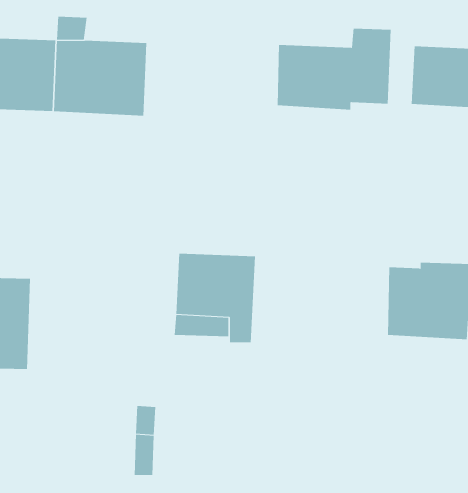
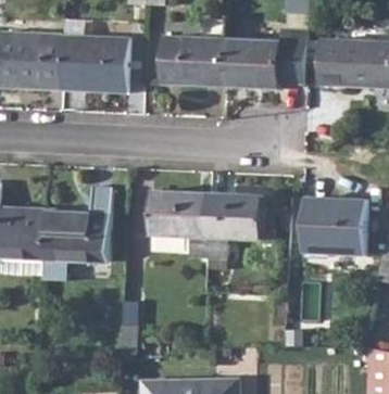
building: none -> [164,18,226,85]
building: none -> [41,191,110,281]
building: none -> [205,194,273,268]

